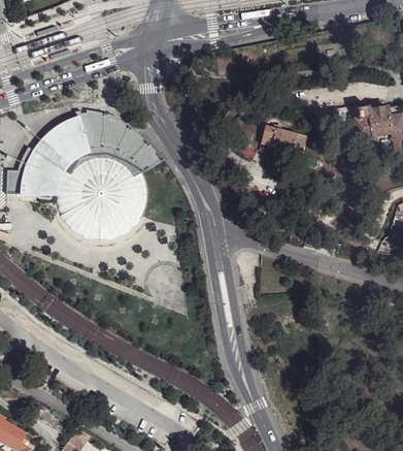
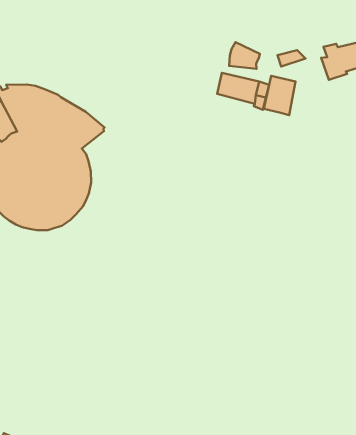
building: none -> [229,42,260,69]
building: none -> [264,76,295,115]

